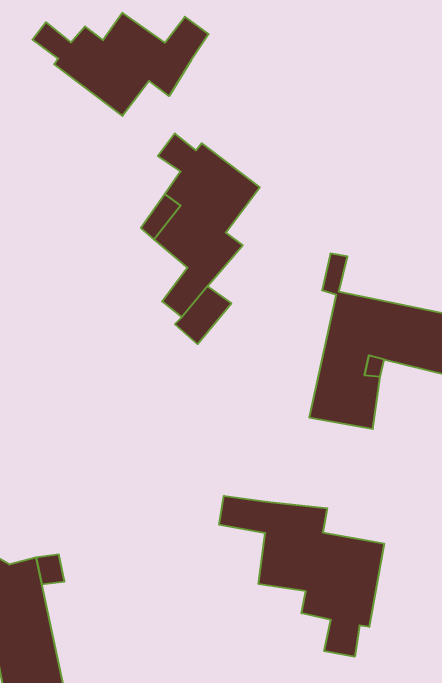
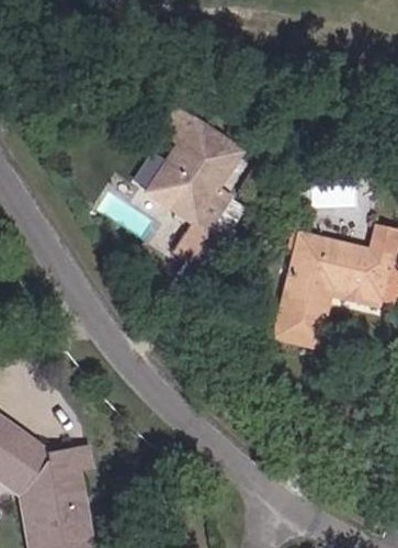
building: [32,13,209,116] -> none
building: [219,496,384,657] -> none

